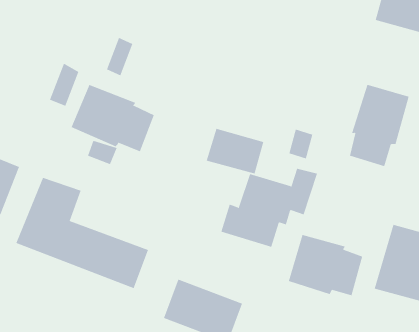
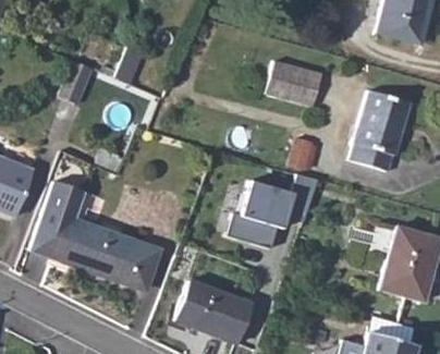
building: [71,84,155,152] -> none
building: [206,128,264,174] -> [266,59,322,103]
building: [288,234,363,296] -> none

